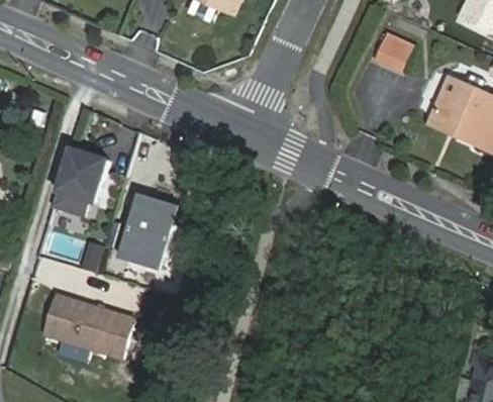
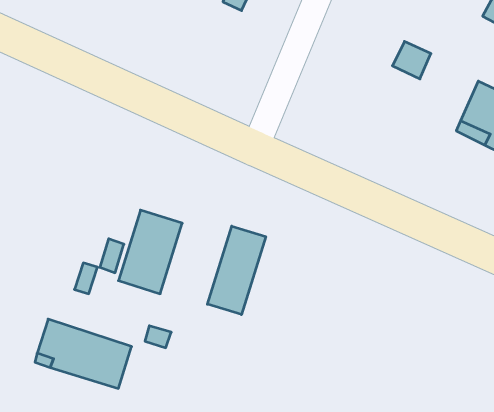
building: [53,149,108,216] -> none
building: none -> [207,226,266,315]

